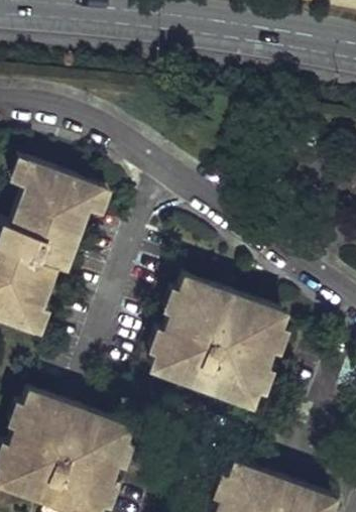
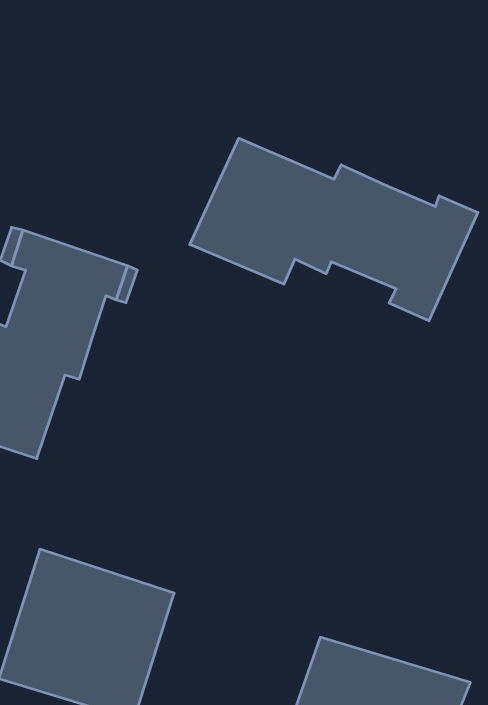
building: none -> [190,138,478,321]
building: [147,276,278,401] -> none

